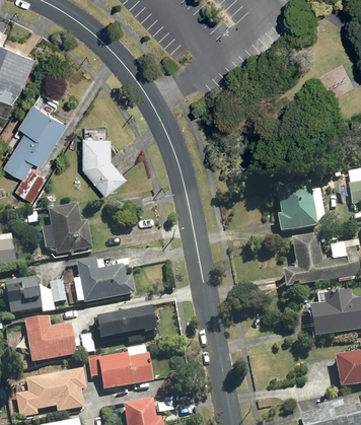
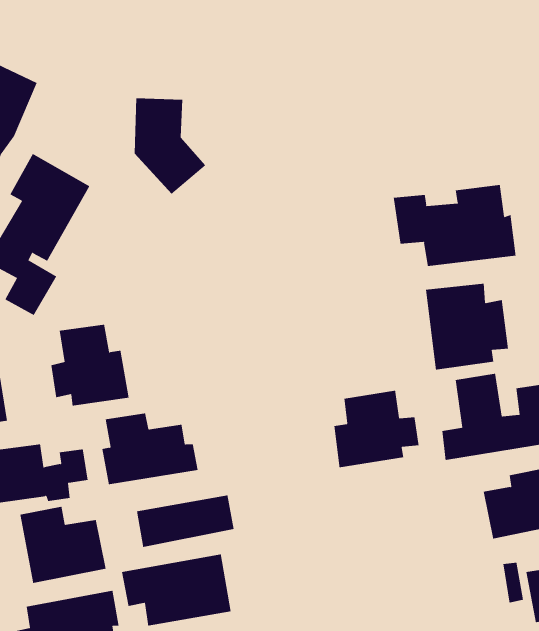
building: none -> [393,184,516,267]
building: [80,132,125,192] -> [134,98,206,195]
building: none -> [334,390,419,468]

